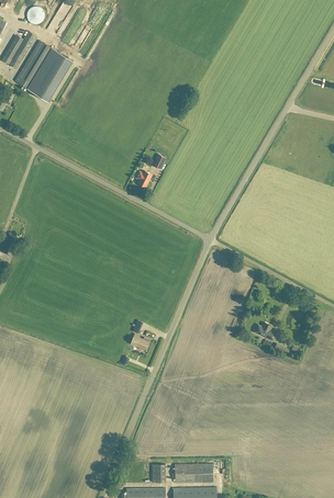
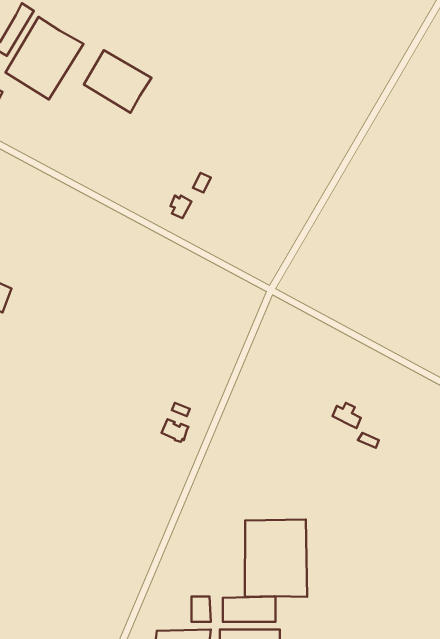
building: none -> [84,50,151,113]
building: none -> [245,520,307,597]

